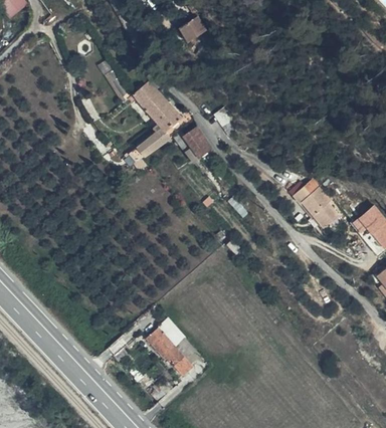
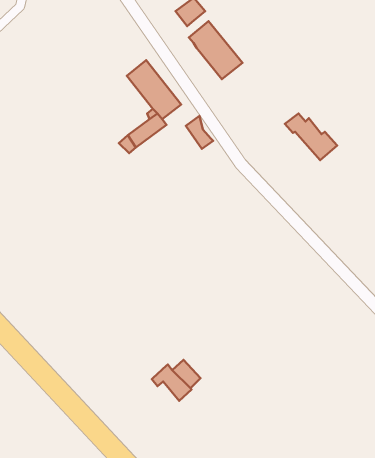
building: none -> [189,21,242,79]
building: [294,189,340,230] -> [285,114,337,160]
building: [141,322,169,355] -> none

